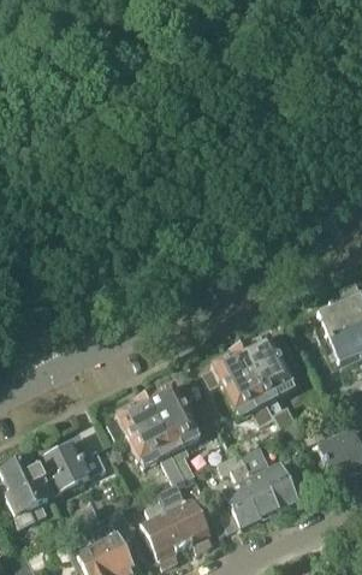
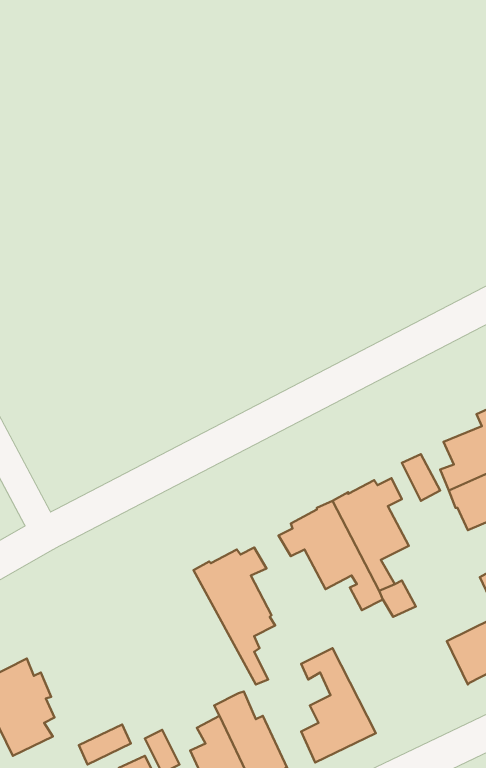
building: [111,398,189,484] -> none
building: [43,433,108,493] -> none
building: [242,443,309,511] -> none

